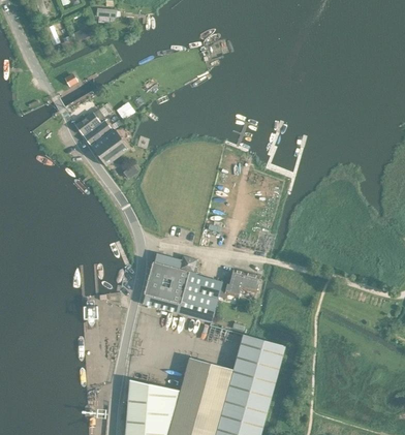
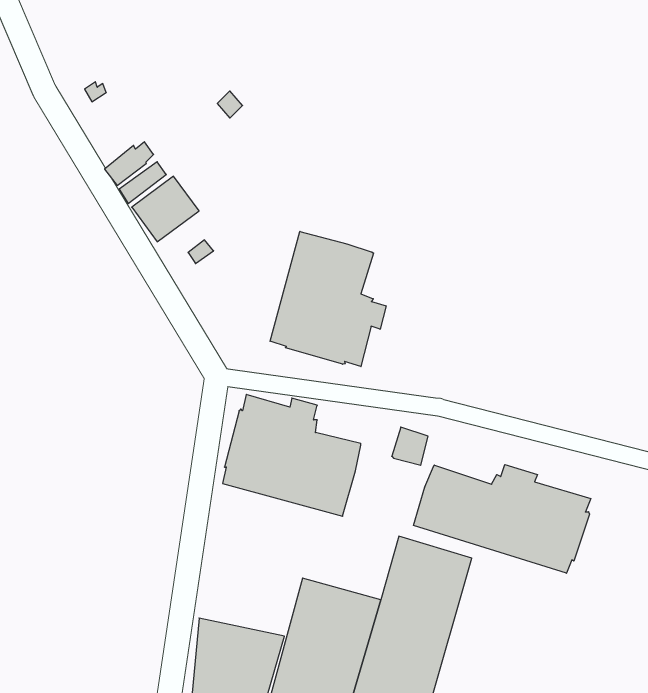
building: none -> [270,231,386,367]
building: [218,270,244,299] -> none
building: none -> [413,465,591,573]

